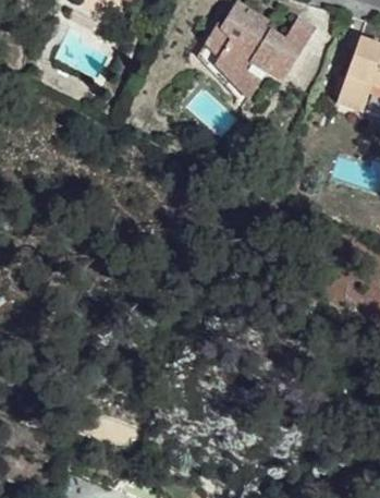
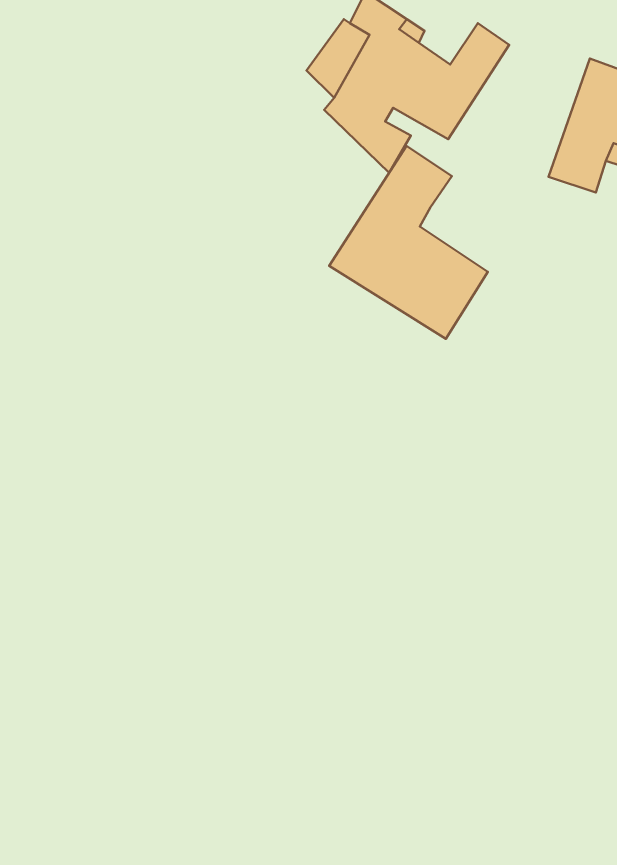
building: none -> [329,146,488,339]

